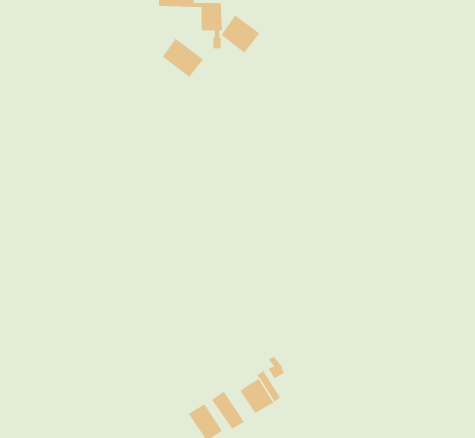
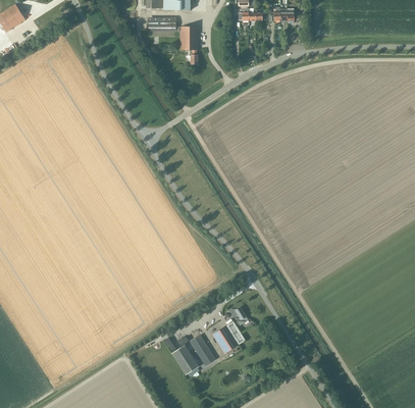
building: [221,15,260,53] -> none
building: [162,38,204,78] -> none

